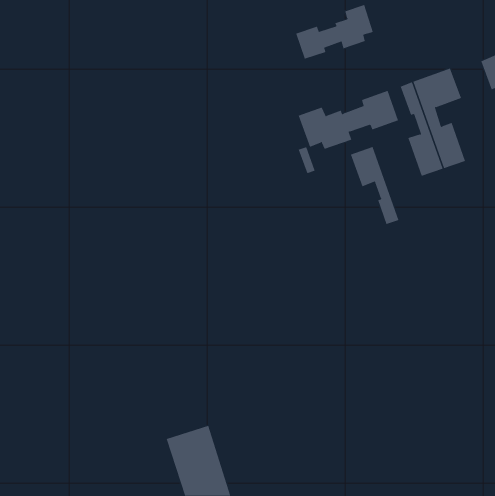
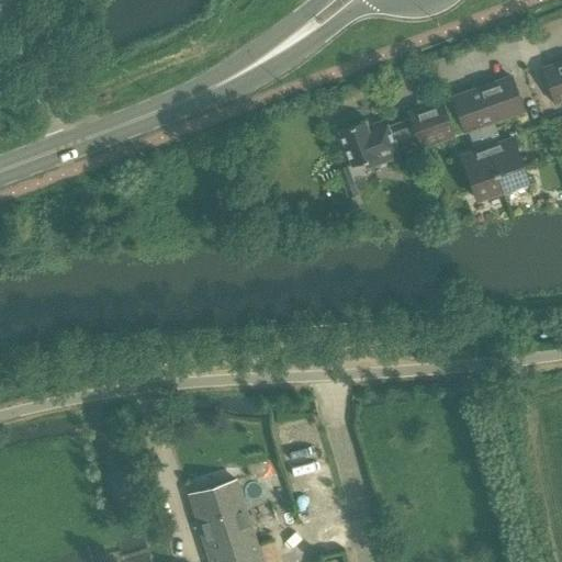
building: [296,4,374,60] -> none
building: [350,146,399,225] -> none

